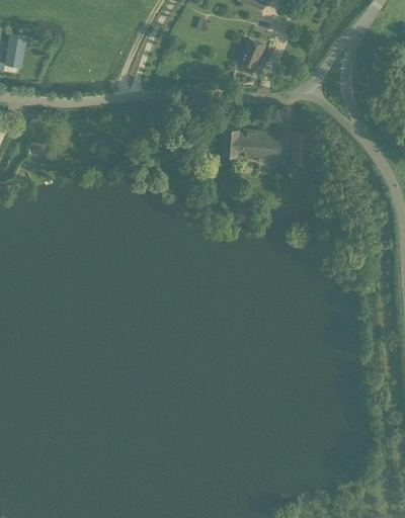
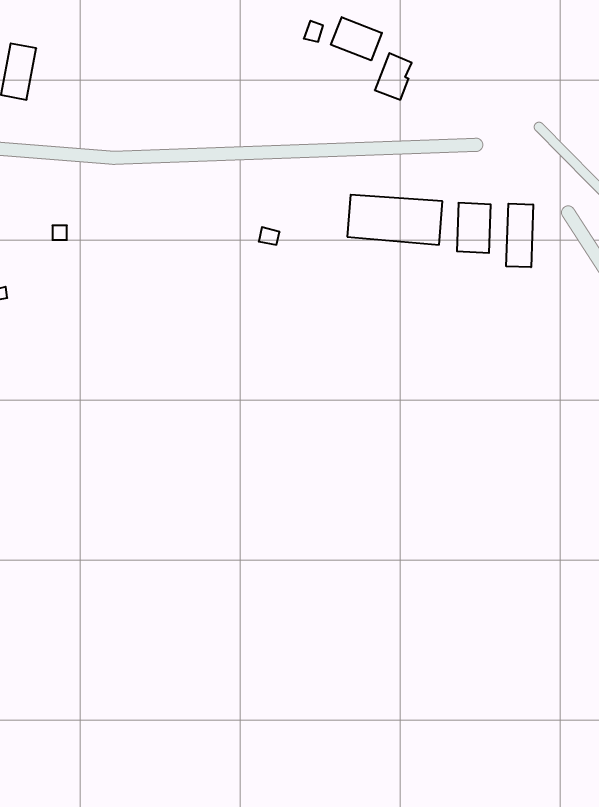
building: none -> [331,17,382,60]
building: none -> [506,204,533,267]

